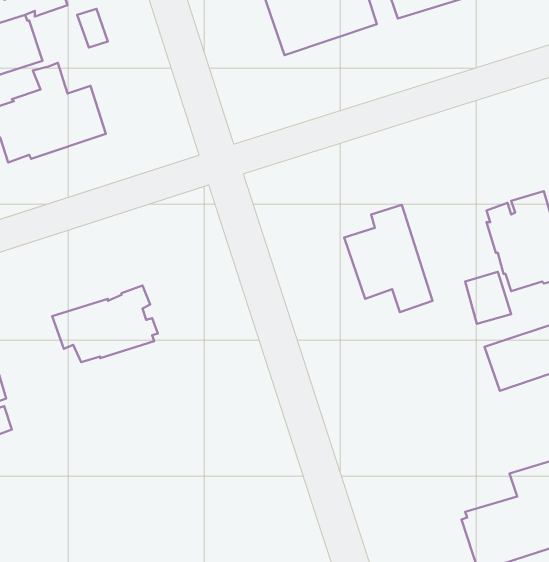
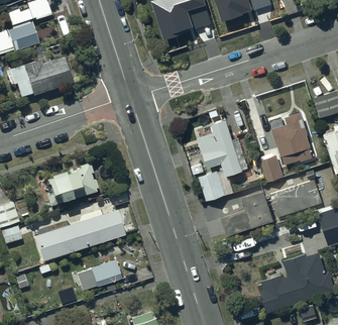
building: none -> [199,171,226,202]
building: none -> [221,191,274,236]
building: none -> [33,210,125,262]
building: none -> [77,260,122,292]

